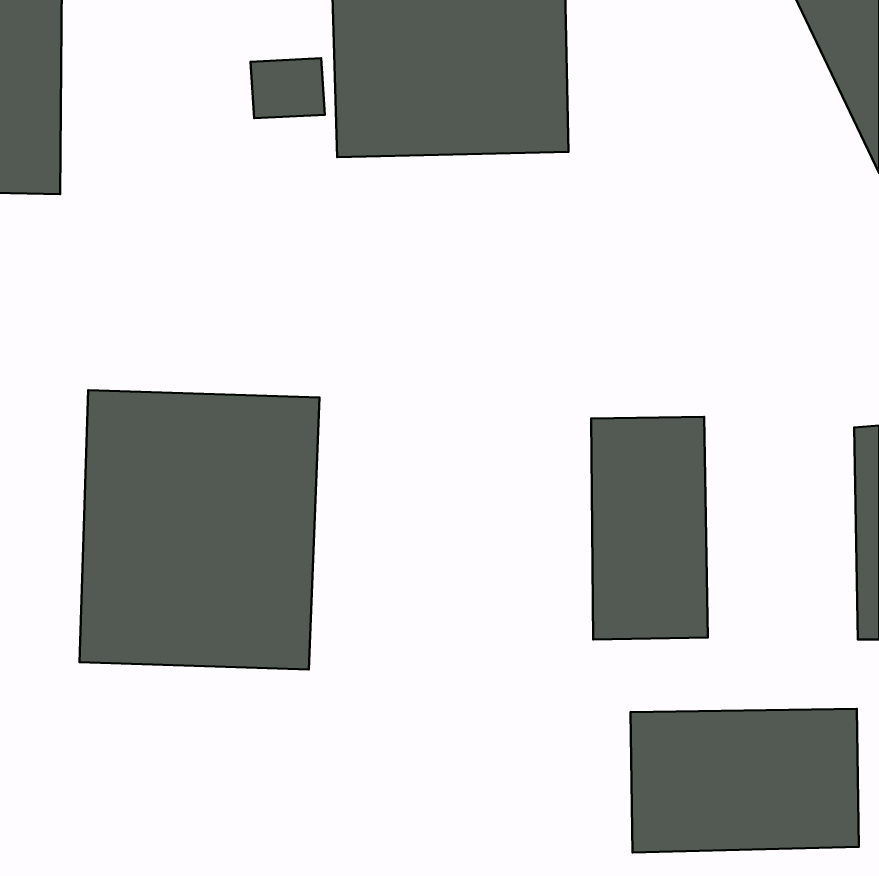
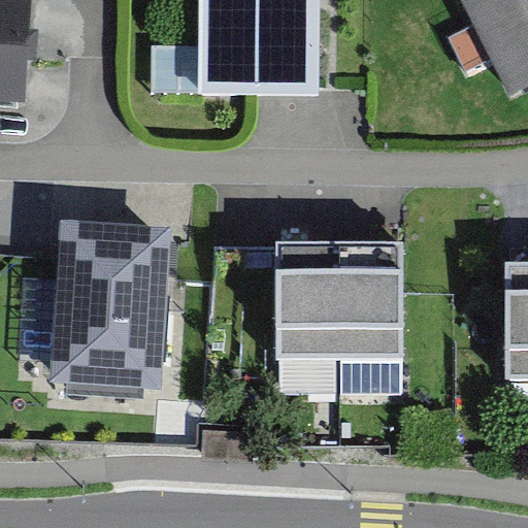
building: none -> [272,244,346,373]
building: [630,709,859,852] -> none

